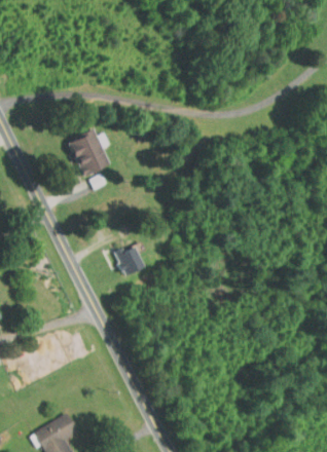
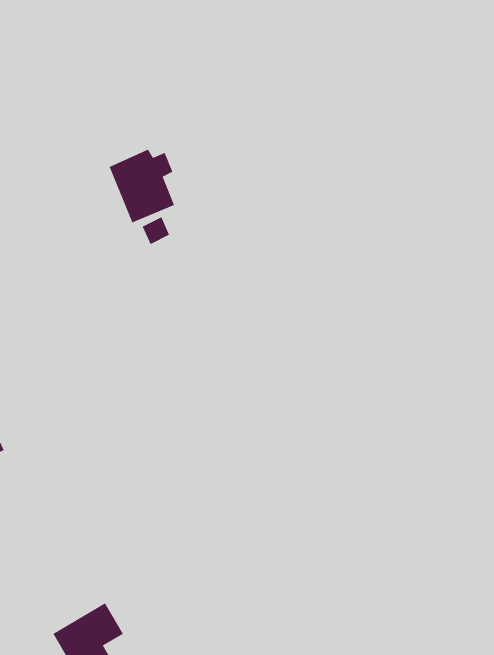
building: [113,244,143,276] -> none

